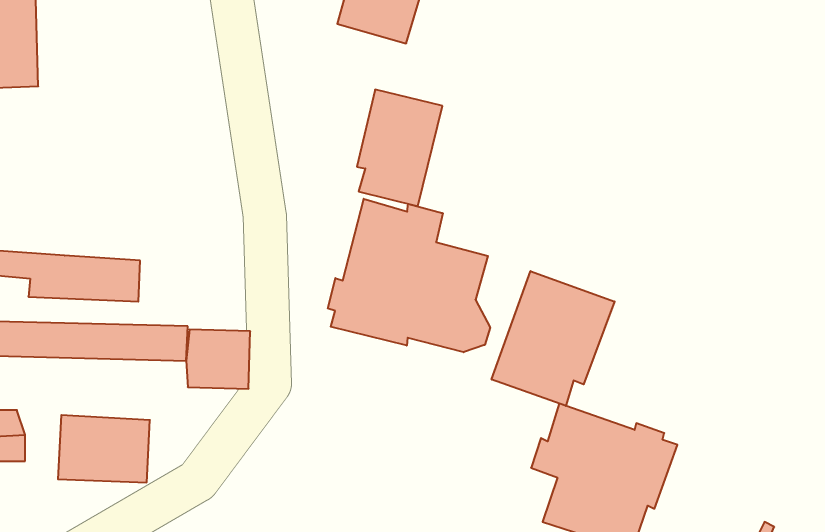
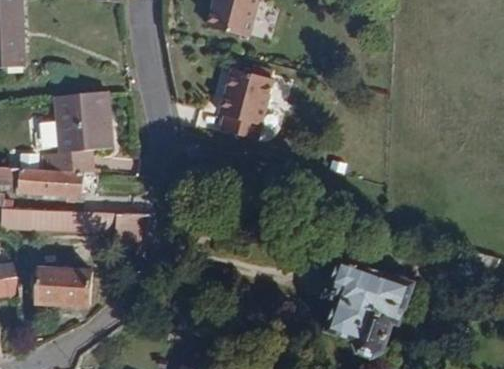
building: none -> [38,92,113,174]
building: [328,199,490,352] -> none
building: [492,271,615,406] -> none

